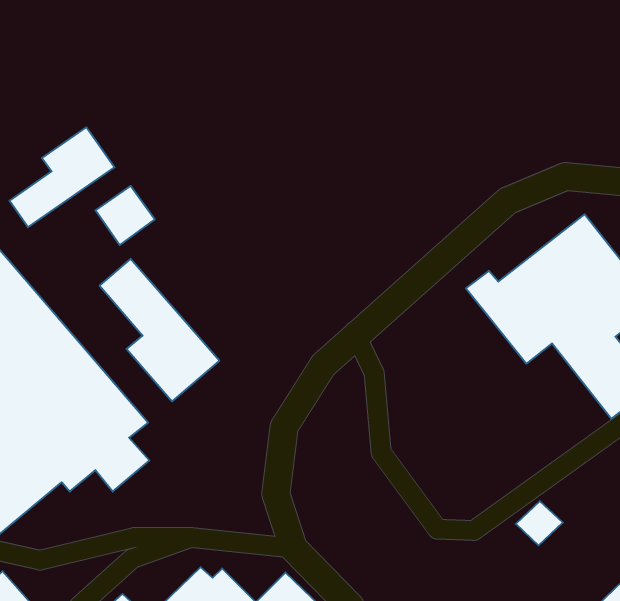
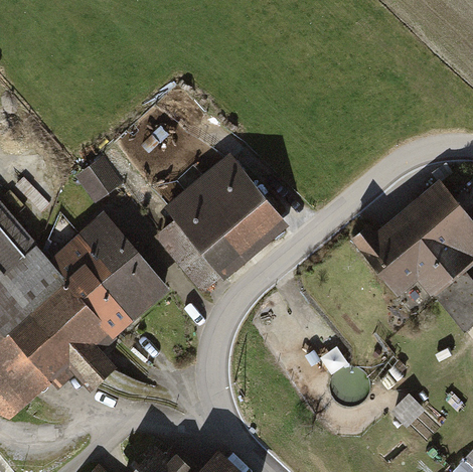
building: [9,127,115,227] -> none
building: none -> [156,152,288,292]
building: none -> [49,233,134,336]

